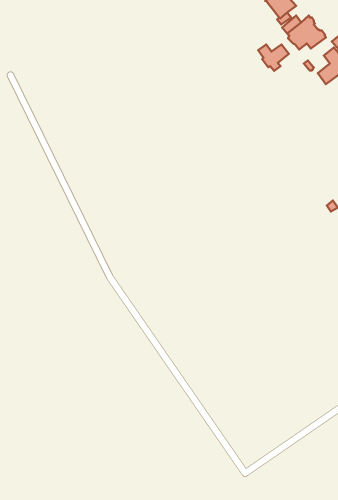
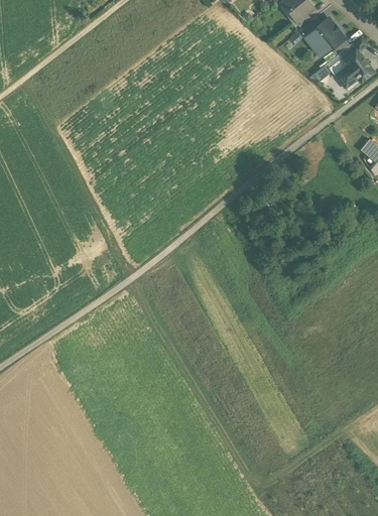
building: [258,44,289,71] -> none

